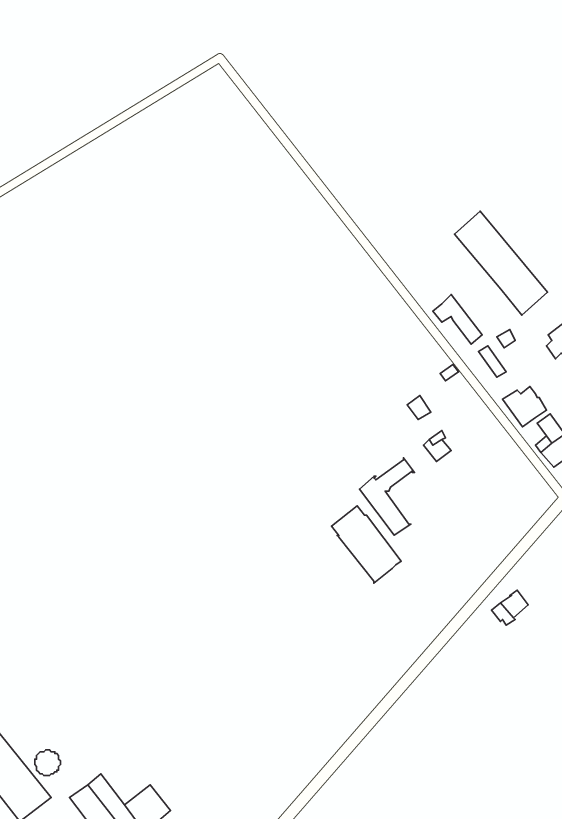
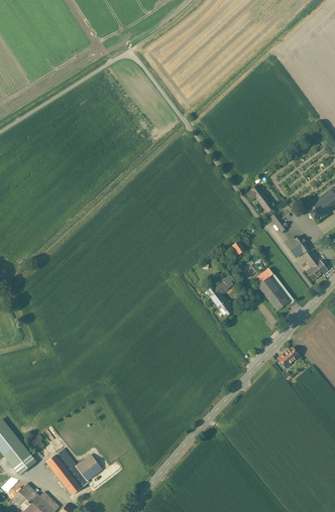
building: [454,211,547,315] -> none
building: [332,506,401,583] -> [254,269,293,311]

